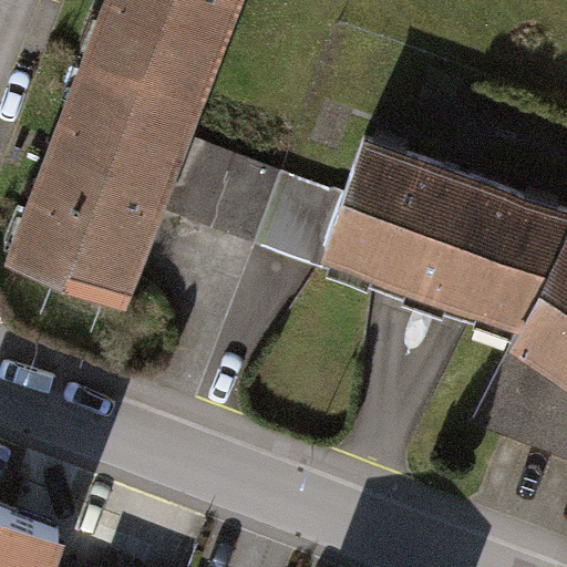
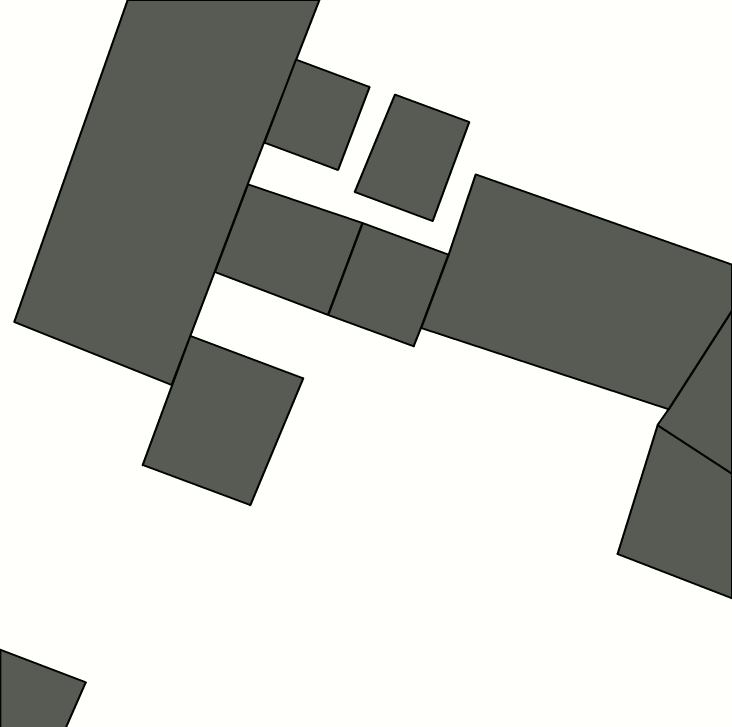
building: none -> [265,60,369,170]
building: none -> [355,95,469,221]
building: none -> [143,336,303,505]

